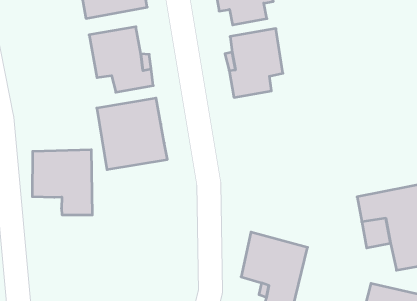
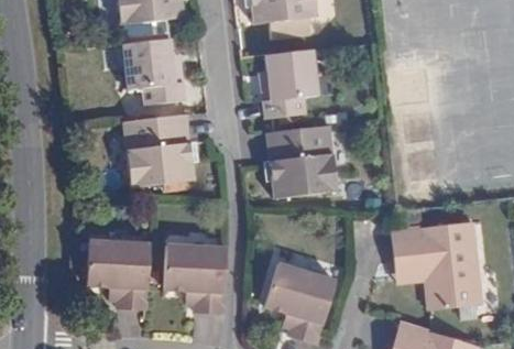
building: none -> [271,124,337,200]
building: [32,150,92,215] -> [86,239,151,309]
building: none -> [164,242,228,314]

